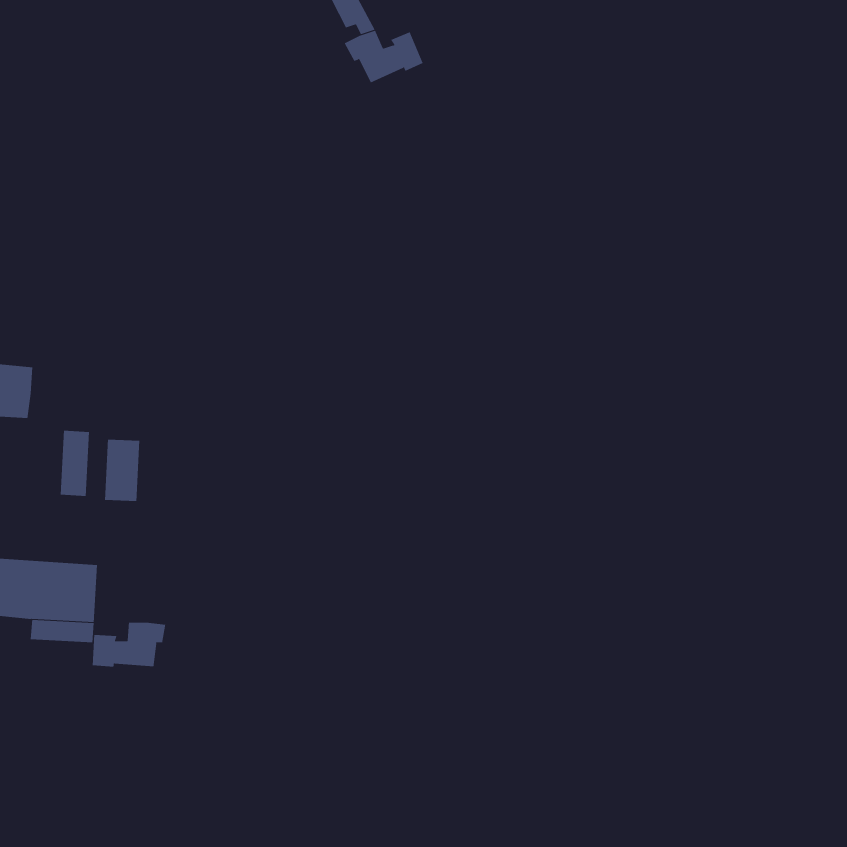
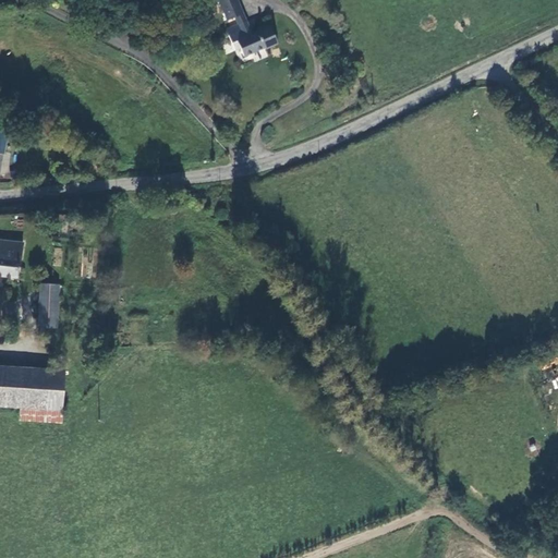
building: [104,439,140,502] -> none
building: [92,622,166,668] -> none

